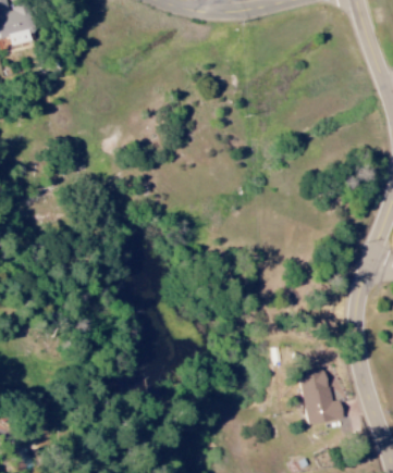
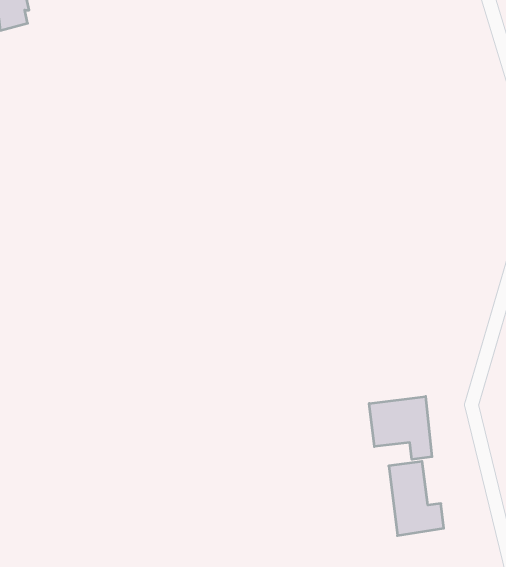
building: none -> [369,396,432,459]

